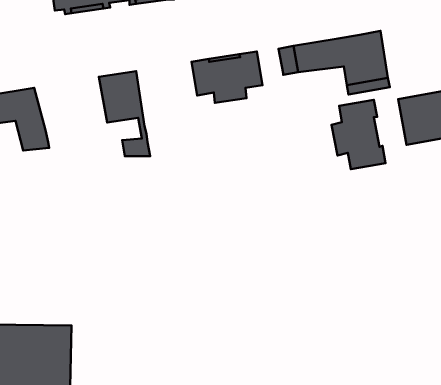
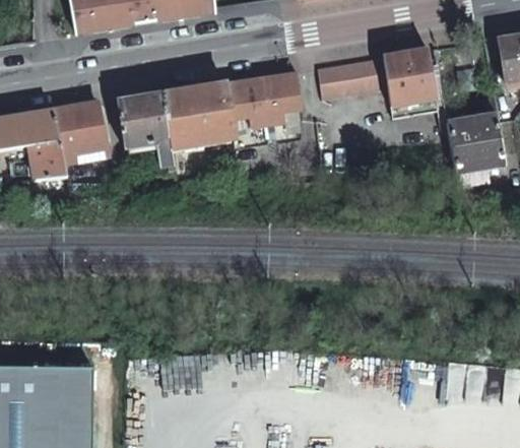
building: none -> [161,81,232,151]
building: none -> [51,102,111,155]
building: [332,100,386,169] -> none

